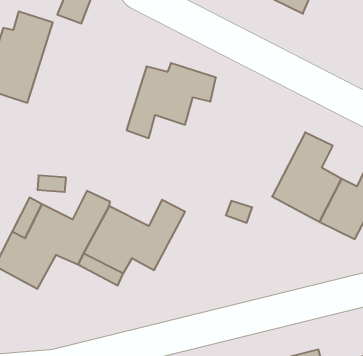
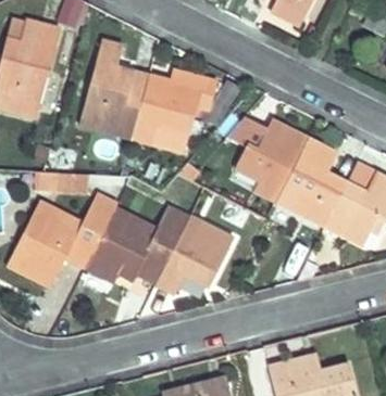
building: none -> [82,39,149,130]
building: none -> [227,119,306,203]
building: none -> [153,214,232,292]

